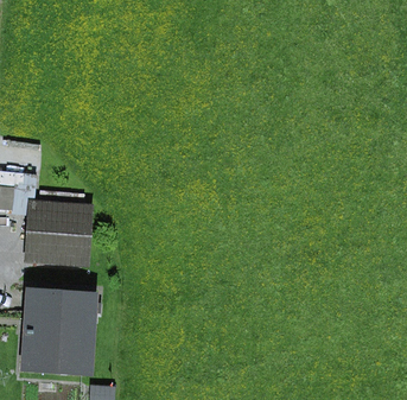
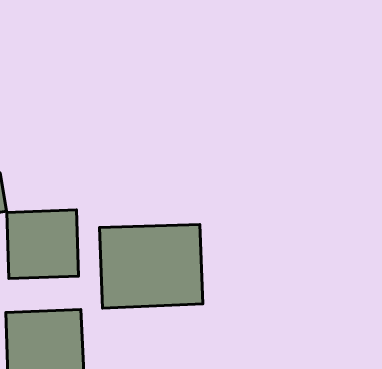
building: none -> [100,224,203,308]

